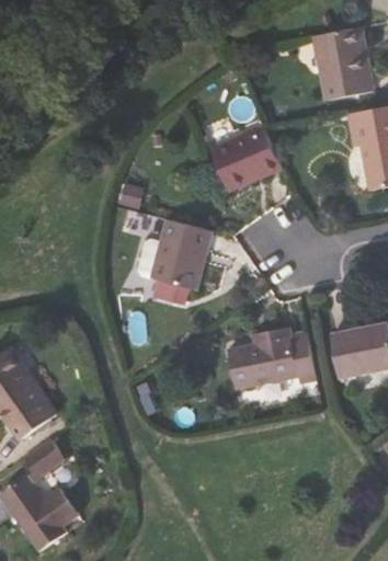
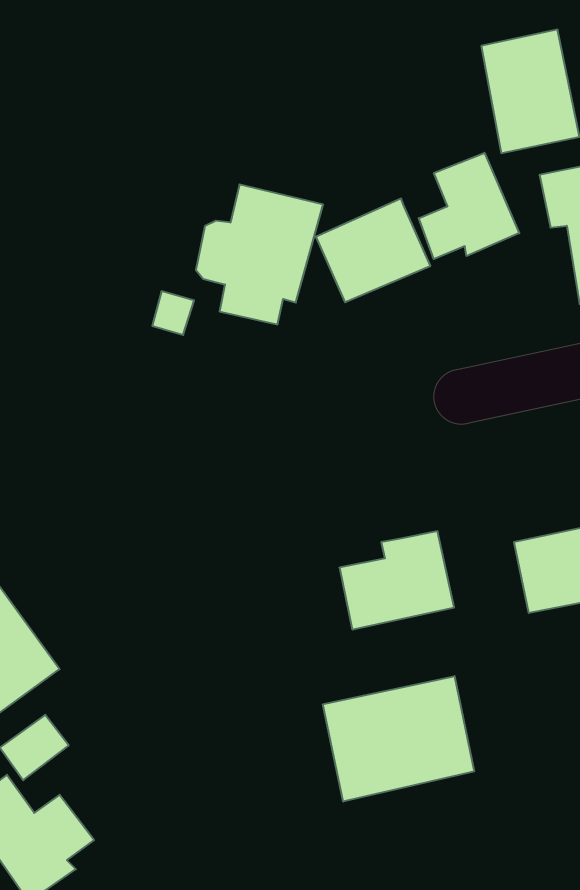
building: none -> [419,153,519,259]
building: [136,218,213,302] -> [196,184,323,324]
building: none -> [323,676,474,802]

